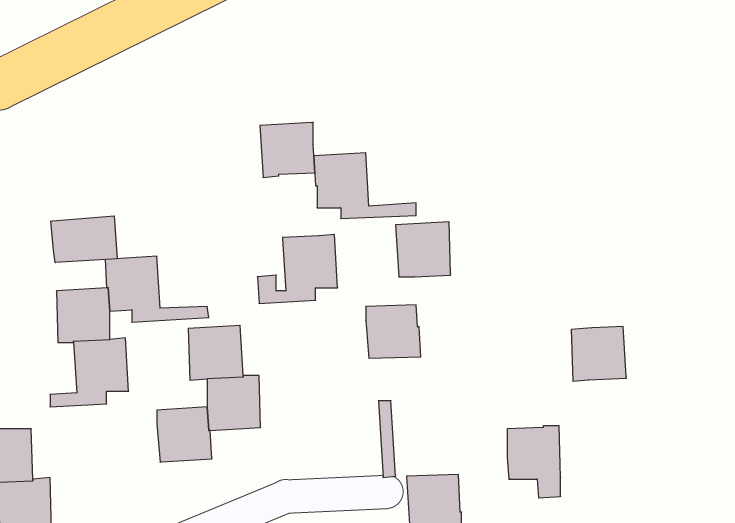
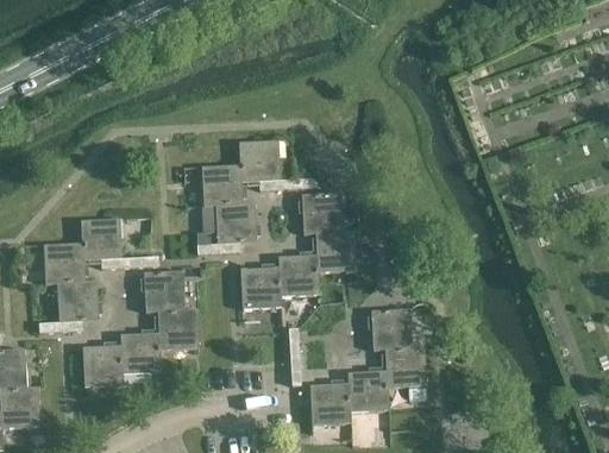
building: [260,123,315,177] -> [201,164,243,206]
building: [51,216,117,263] -> none
building: none -> [315,229,357,271]
building: none -> [240,266,282,308]
building: [571,326,626,381] -> [371,308,413,350]
building: none -> [82,345,124,385]
building: none -> [347,370,389,411]

